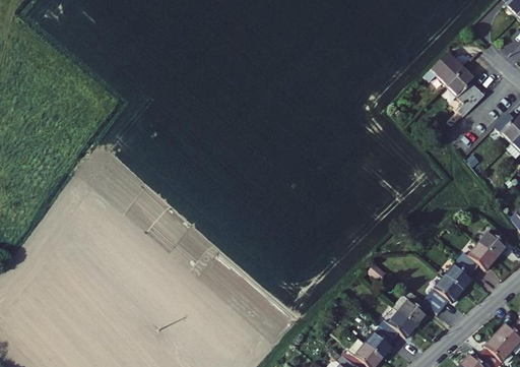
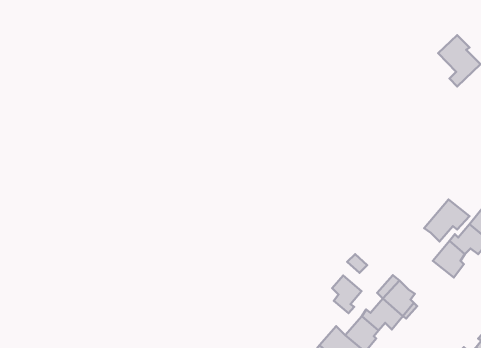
building: [427,52,465,86] -> none
building: [420,277,462,315] -> [424,199,470,242]
building: none -> [332,275,362,313]

